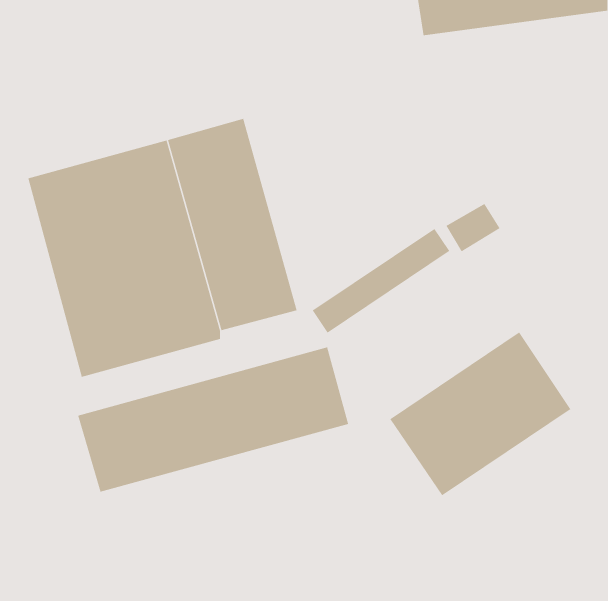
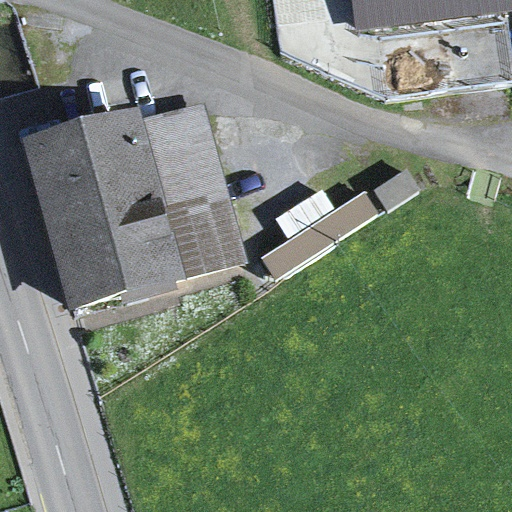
building: [389,332,571,496] -> none
building: [77,346,349,492] -> none

